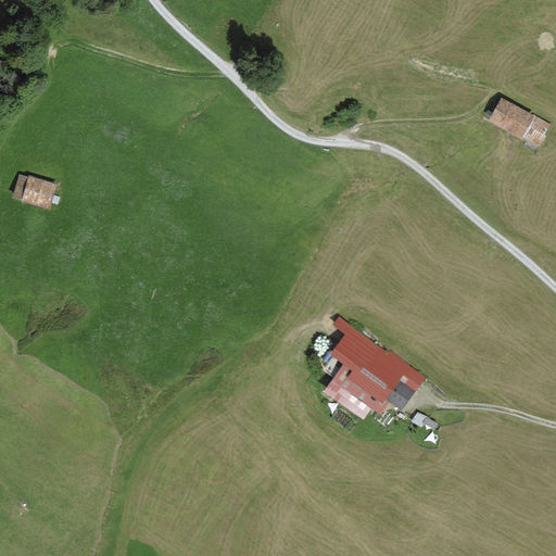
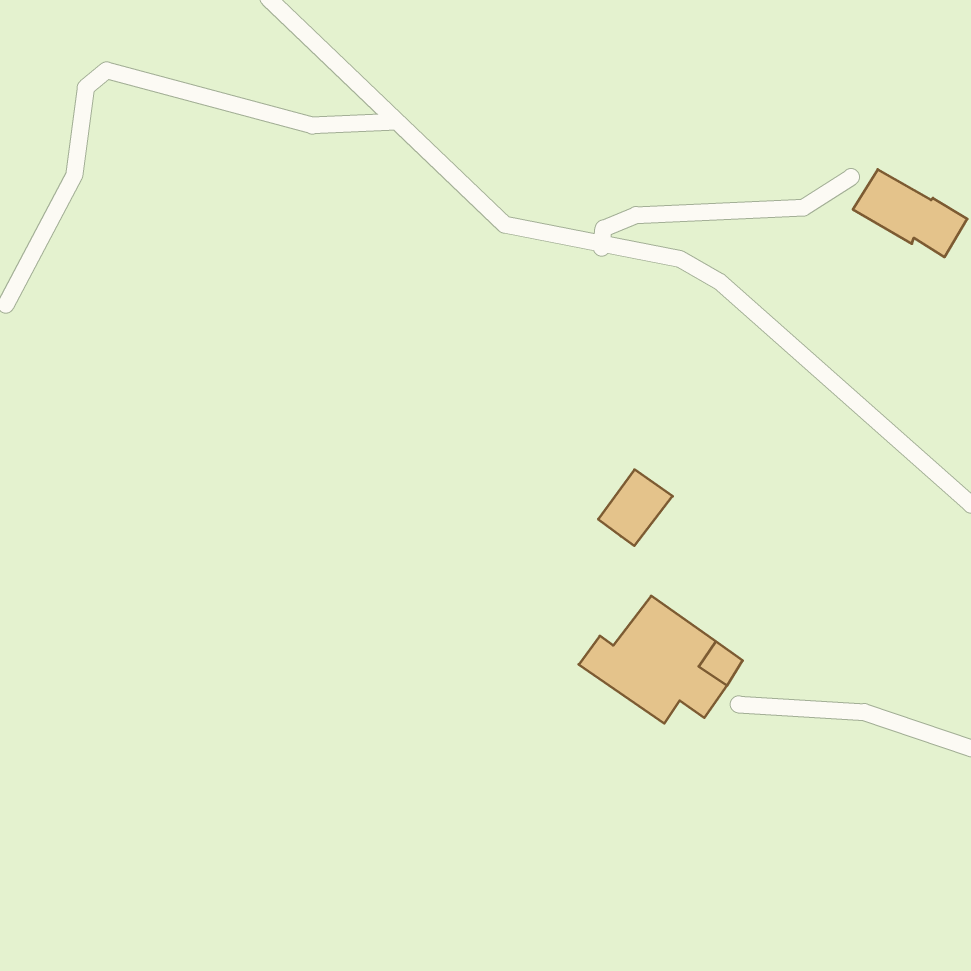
building: [10,173,56,211] -> none
building: [329,325,371,368] -> [598,470,673,546]

